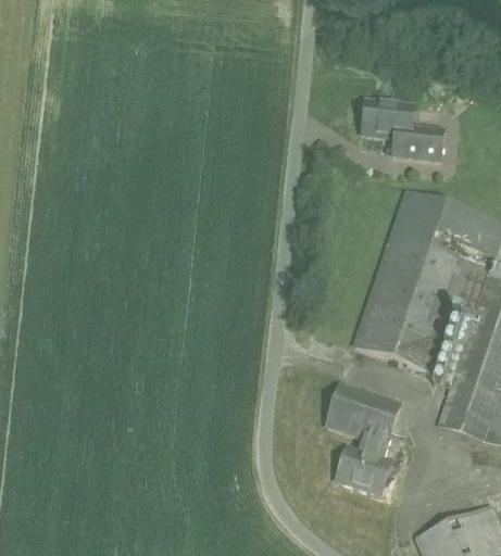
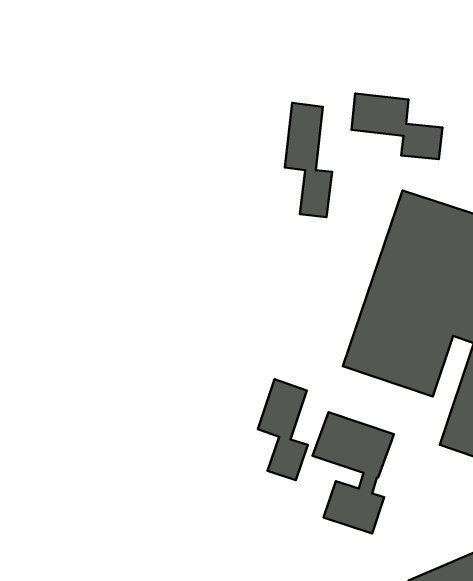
building: none -> [285,103,332,217]
building: none -> [258,379,308,480]

